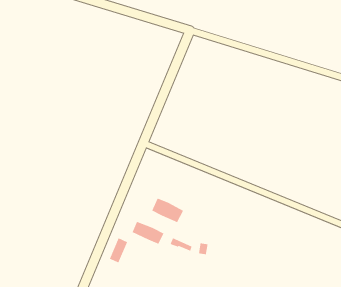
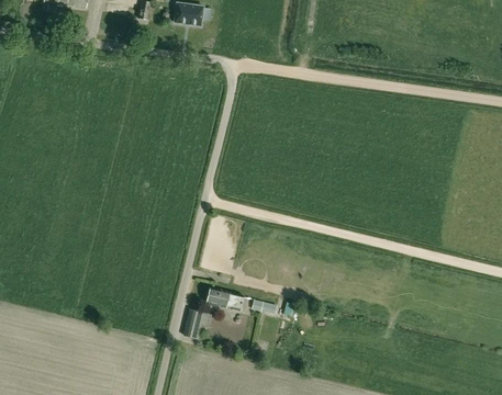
building: [151,197,184,223] -> none

